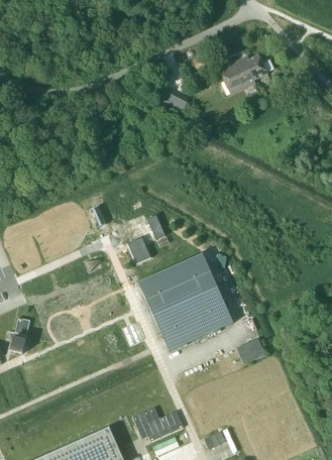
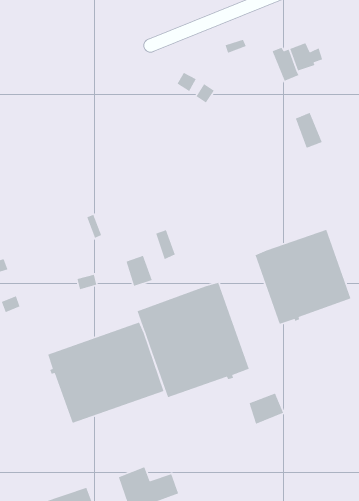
building: [219,64,243,94] -> [295,112,323,149]
building: none -> [254,229,352,325]
building: none -> [47,322,164,424]

